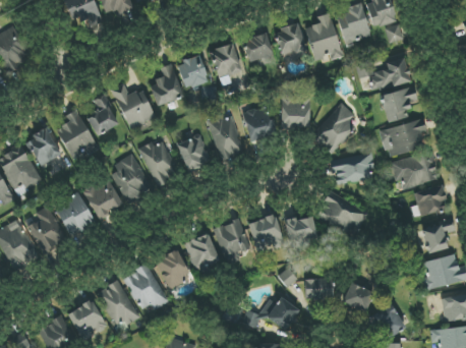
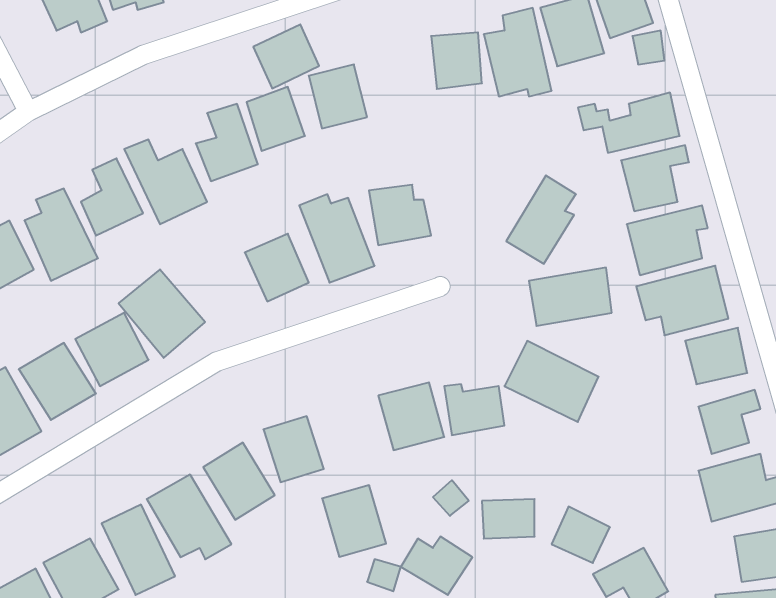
building: [241,30,277,64] -> [253,24,319,88]
building: [281,94,311,127] -> none
building: [140,142,177,184] -> none
building: [216,219,250,257] -> [322,485,386,557]

